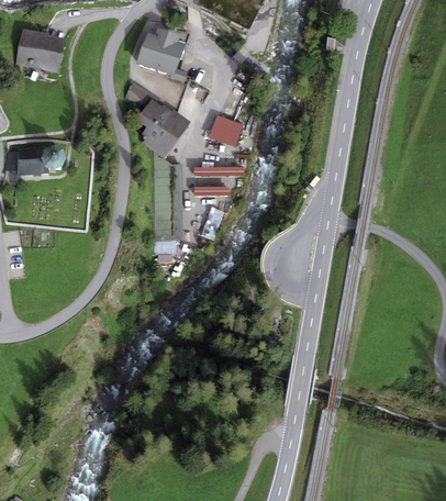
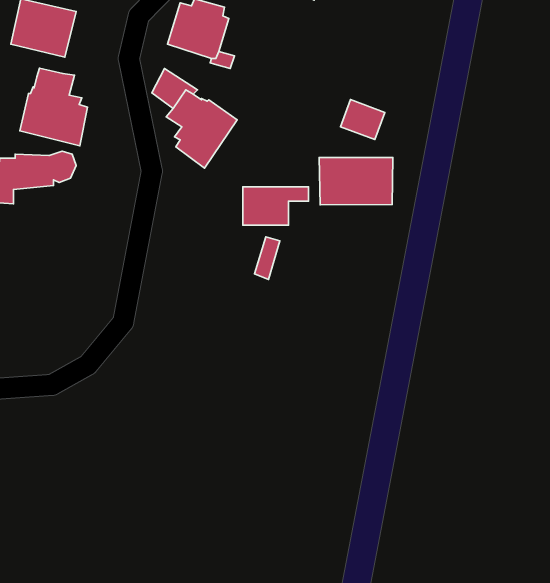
building: none -> [20,68,88,146]
building: [208,114,242,145] -> [341,100,385,140]
building: none -> [319,158,393,205]

